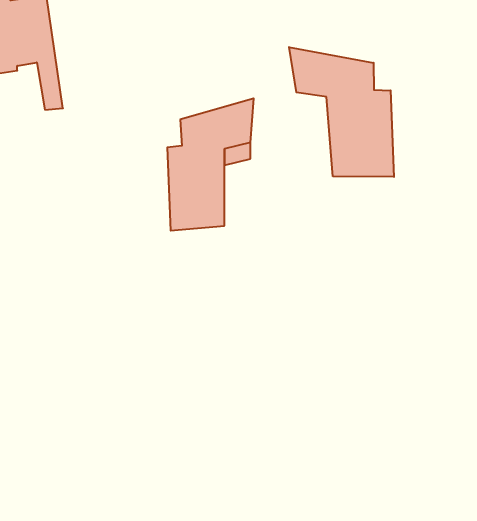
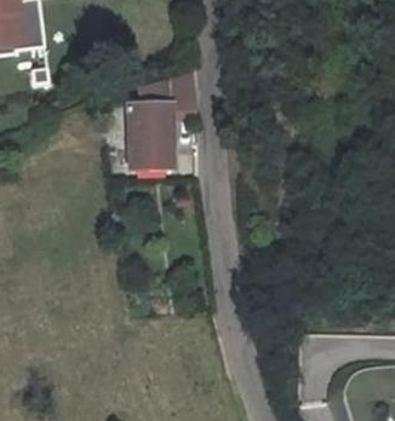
building: [289,47,394,177] -> none

